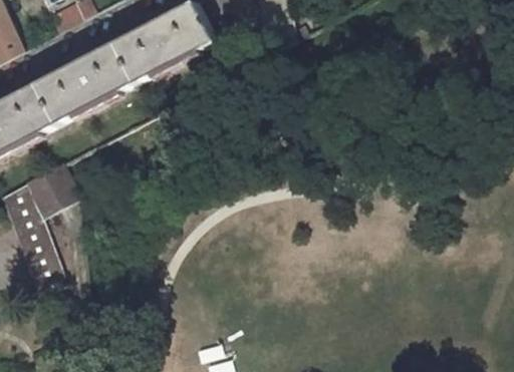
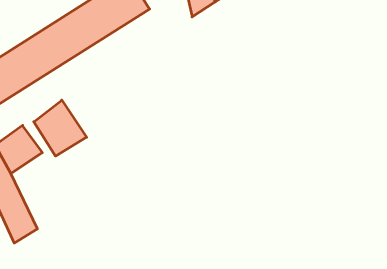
building: none -> [34,100,87,156]

